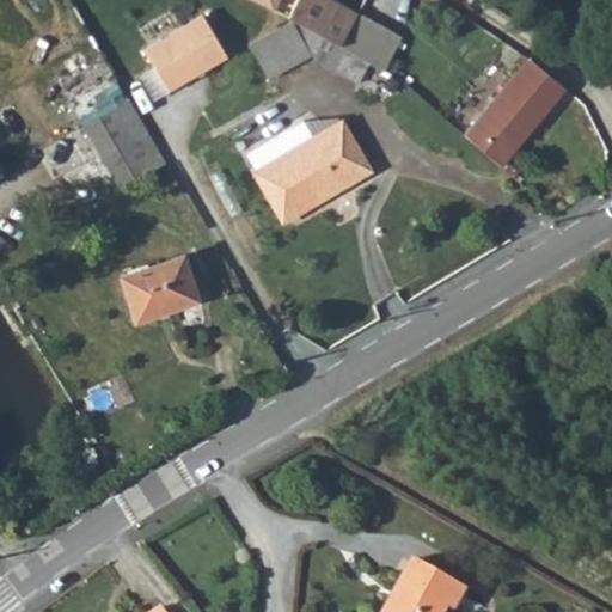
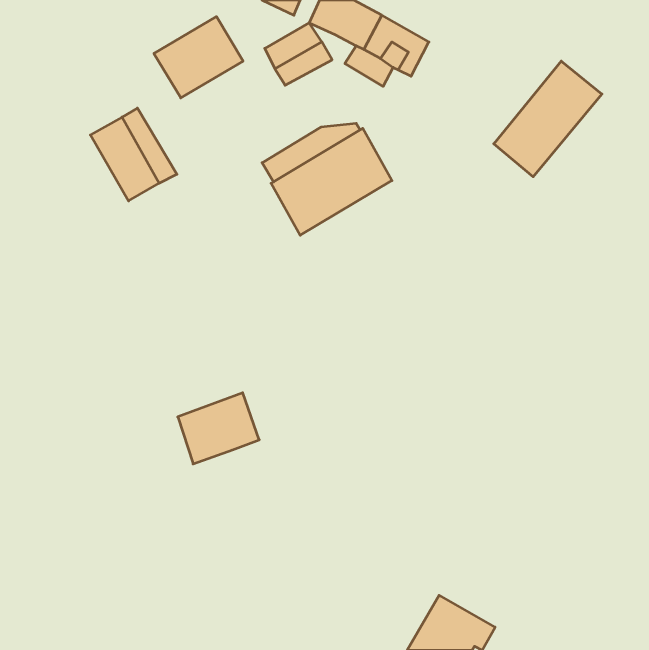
building: [122,255,198,322] -> [178,393,259,464]

